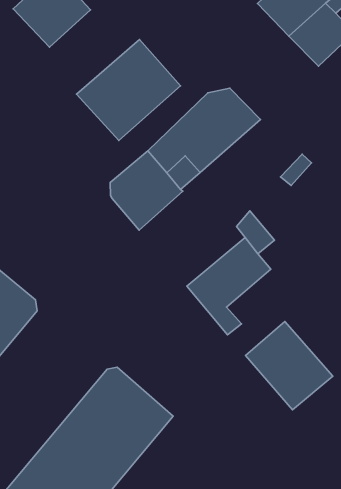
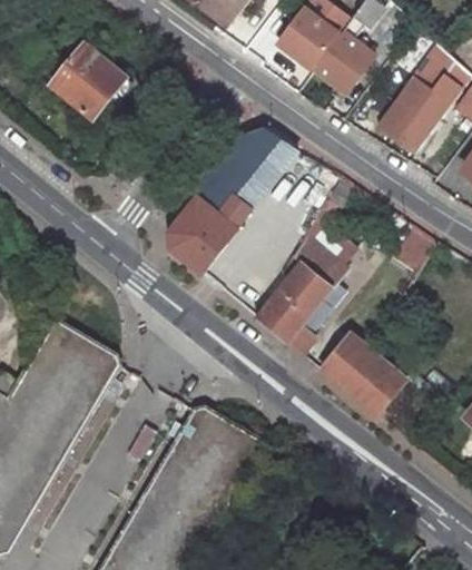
building: [77,40,180,140] -> none

